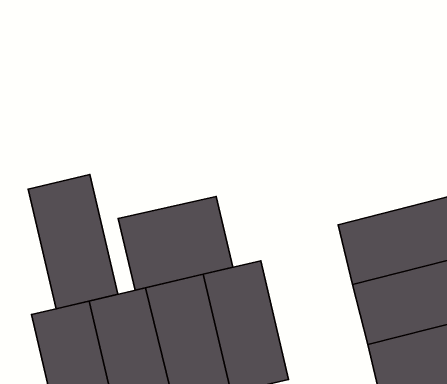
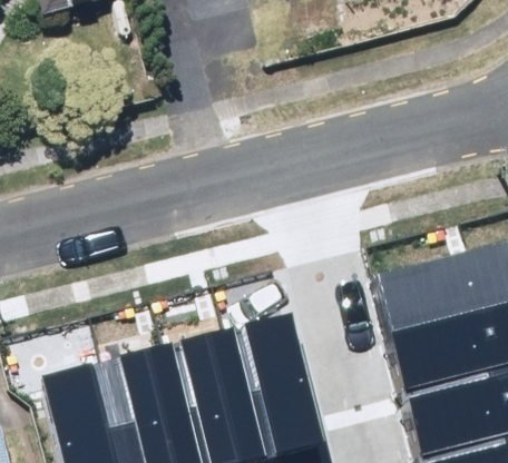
building: [28,174,118,309] -> none
building: [118,197,233,290] -> none

